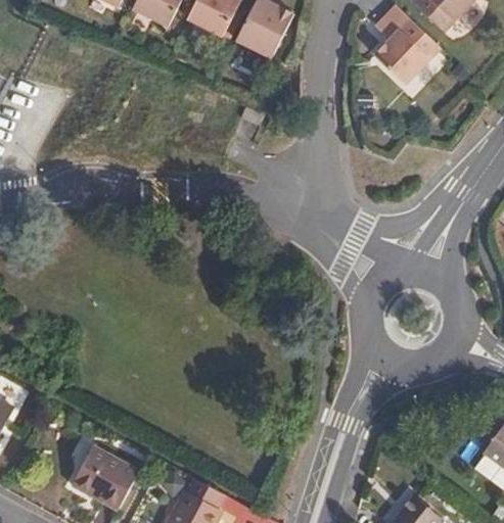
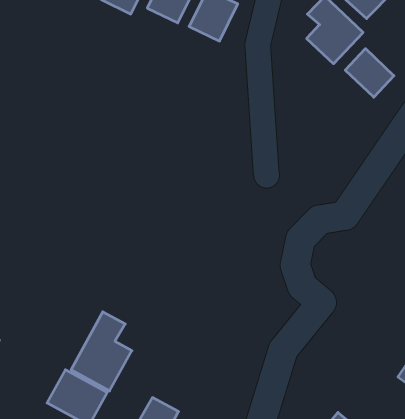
building: none -> [345,49,394,97]
building: none -> [71,312,132,391]

